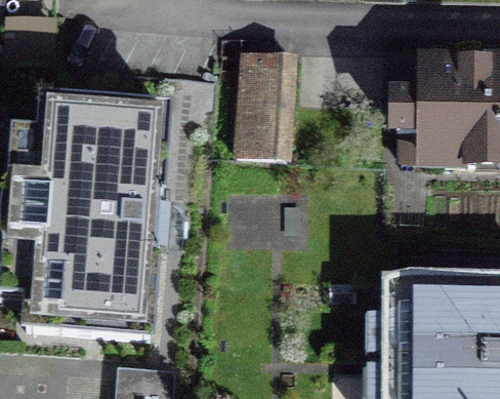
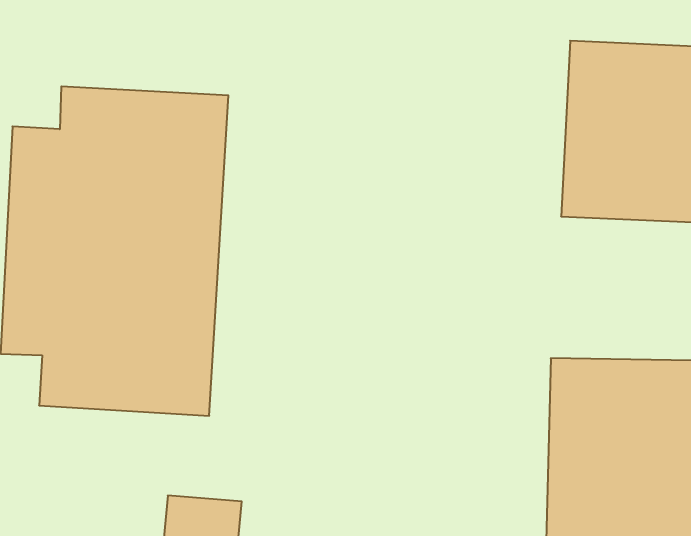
building: [239,47,293,151] -> none

